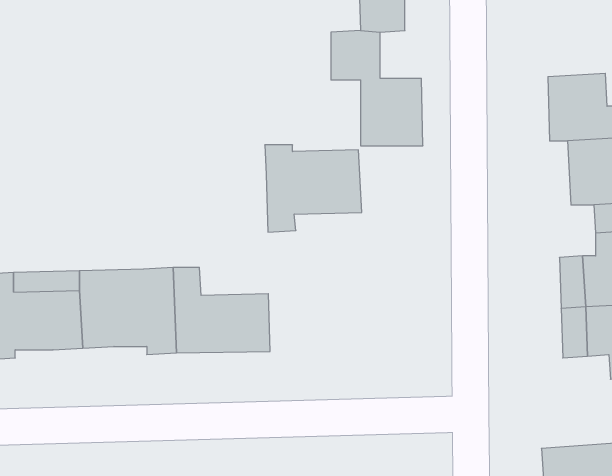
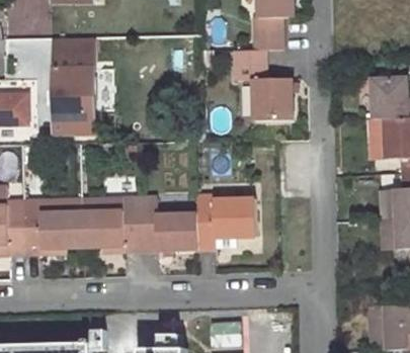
building: none -> [54,35,95,129]
building: [265,145,362,232] -> [196,193,256,247]

